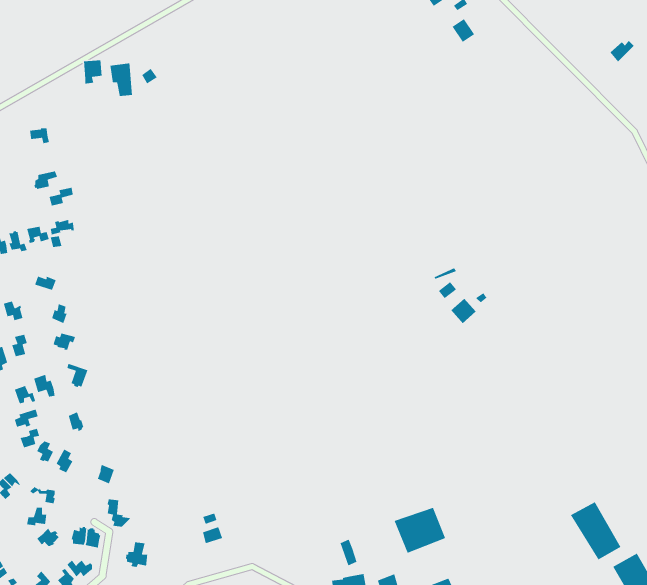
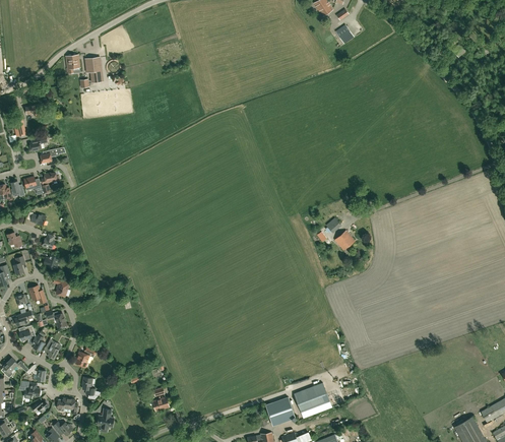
building: [570,501,622,561] -> none
building: none -> [266,396,296,426]

